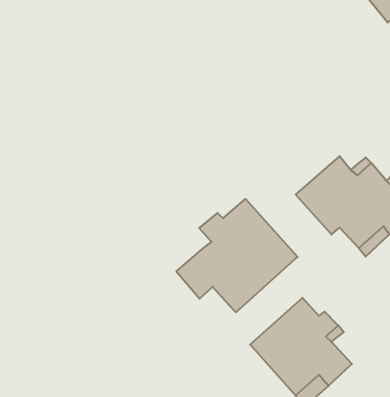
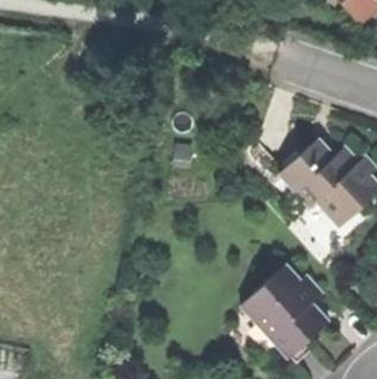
building: [176,199,298,312] -> none

